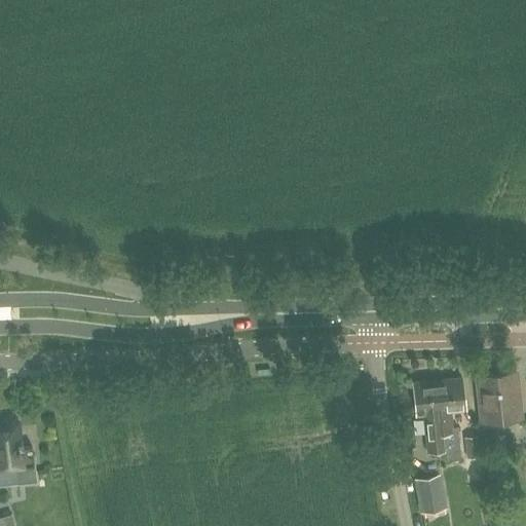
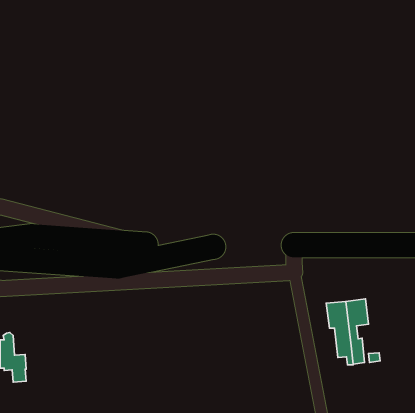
building: [478,376,521,424] -> none
building: [417,479,445,514] -> none

